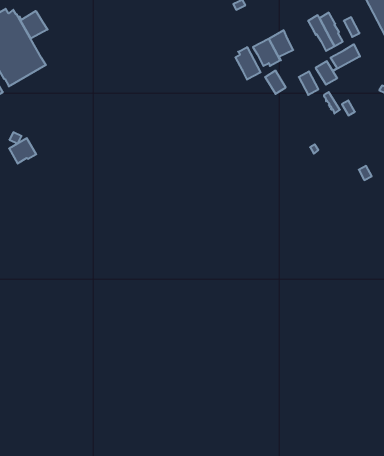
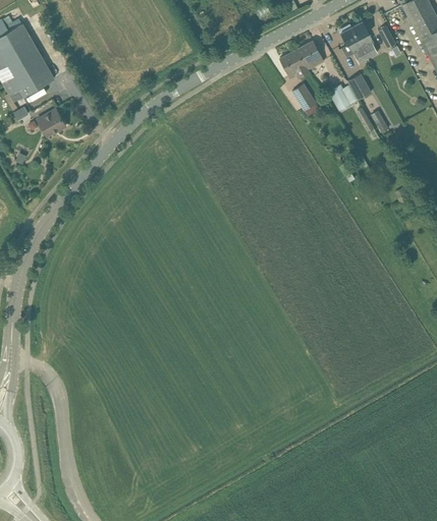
building: [19,11,48,39] -> none
building: [331,44,360,71] -> none
building: [235,47,261,80] -> none
building: [9,138,36,164] -> [37,108,66,135]

